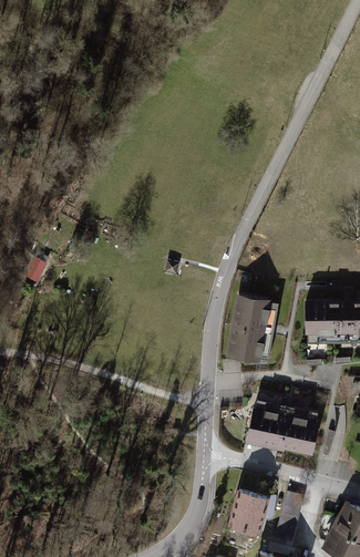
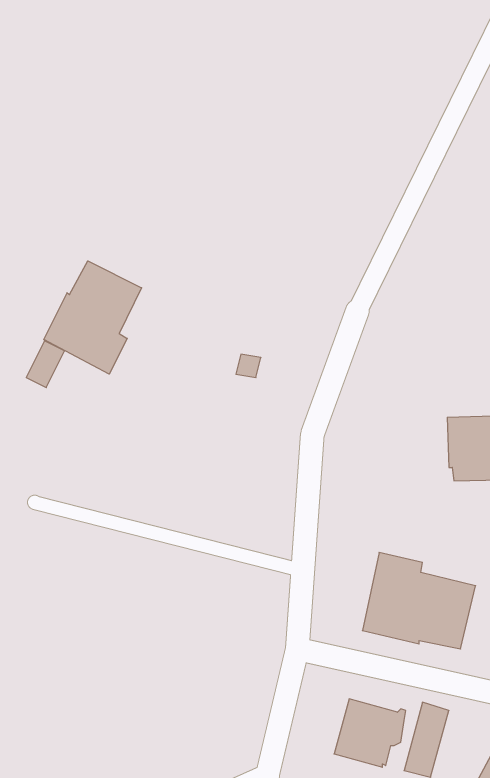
building: none -> [44,261,142,374]
building: [226,295,278,361] -> none

